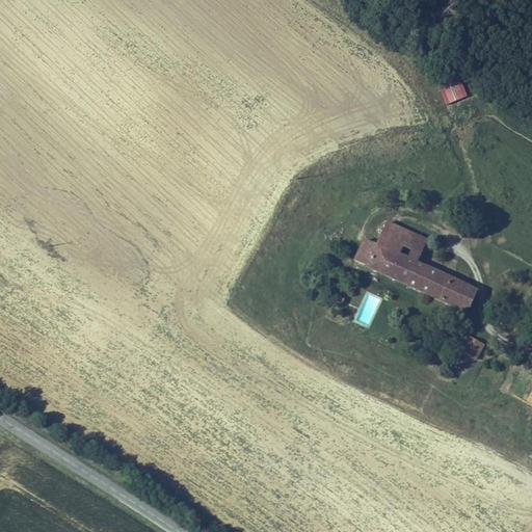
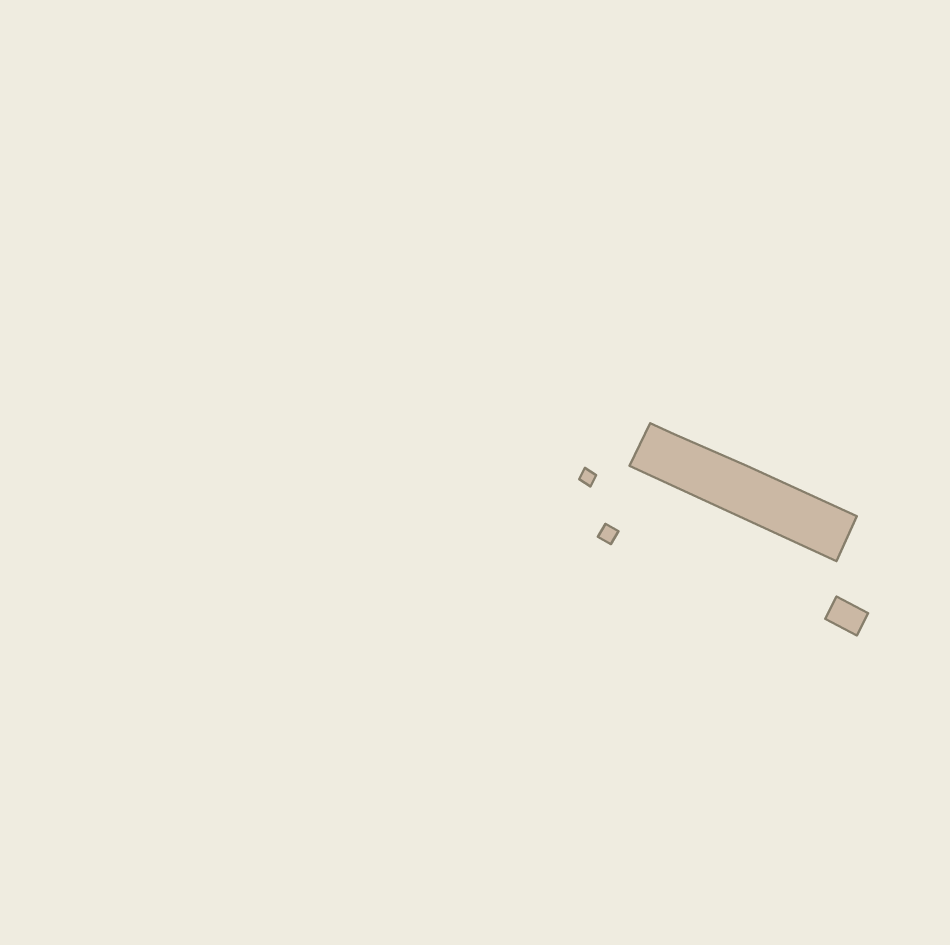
building: [442,77,468,102] -> none
building: [377,219,428,260] -> none

